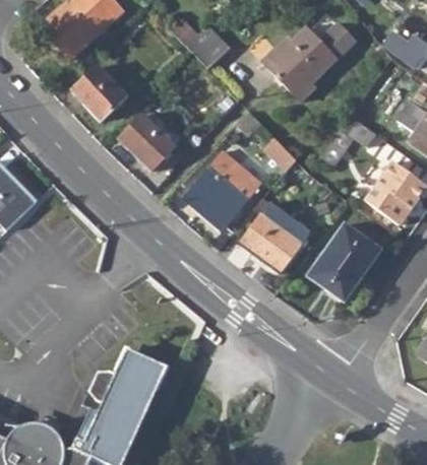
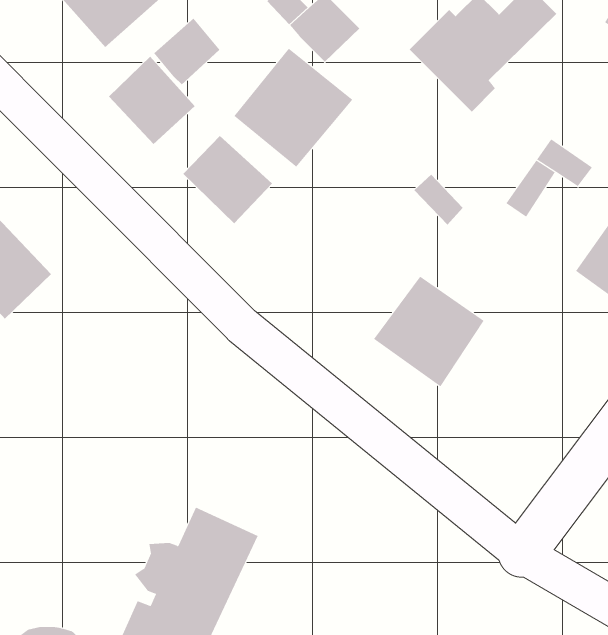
building: none -> [154,18,220,85]
building: [187,150,262,225] -> [233,48,353,168]
building: [305,222,380,301] -> none

